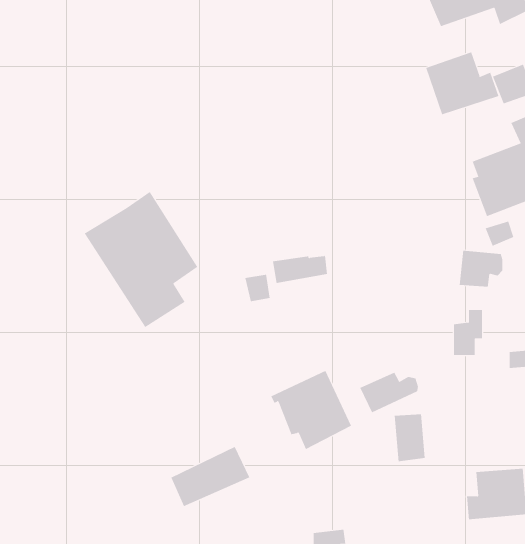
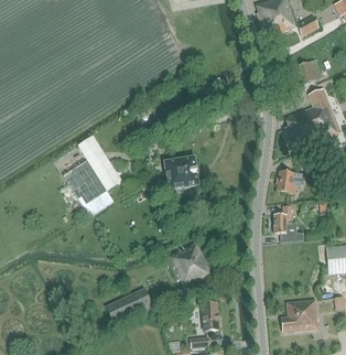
building: [425,51,499,115] -> none
building: none -> [163,157,197,176]
building: [359,372,419,413] -> none
building: [394,414,425,462] -> [201,302,219,331]

